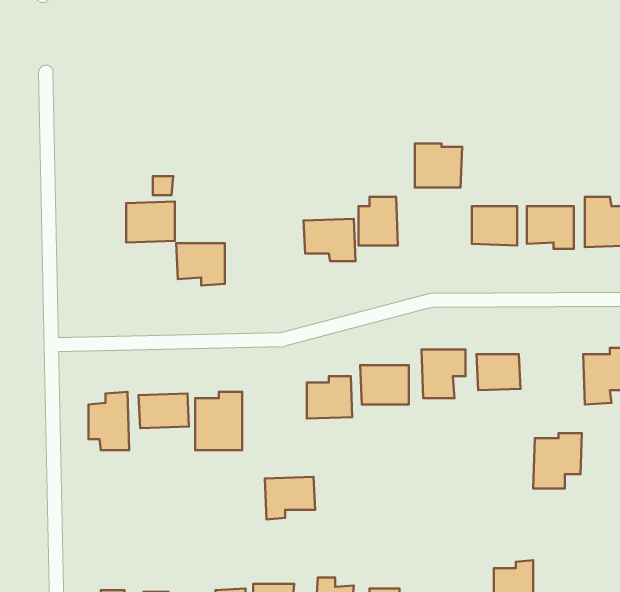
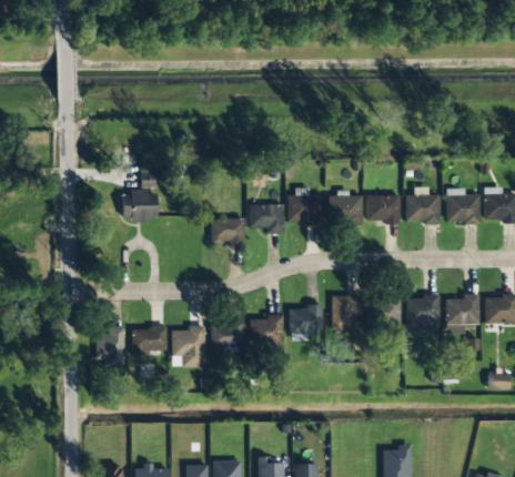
building: [415,144,462,188] -> [329,193,362,224]
building: [176,243,225,286] -> [210,219,244,248]
building: [533,433,582,488] -> [405,295,440,334]
building: [265,477,315,519] -> [210,324,245,354]

